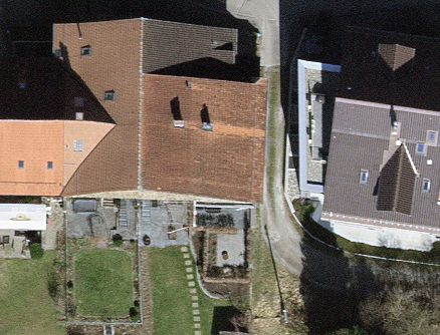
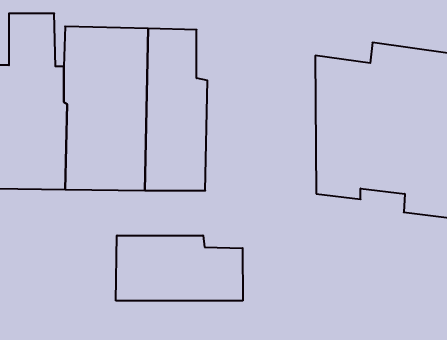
building: [189,45,258,197] -> none
building: none -> [116,235,243,301]

